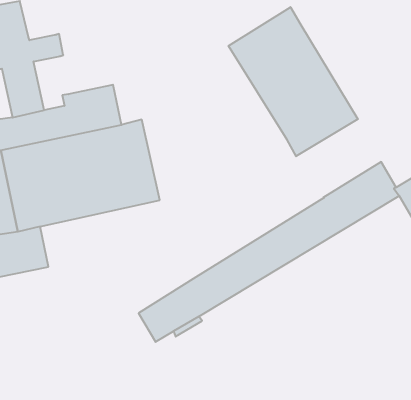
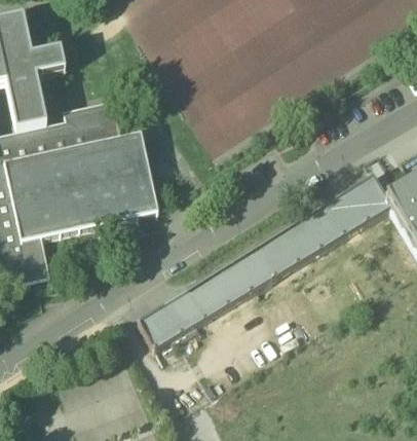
building: [229,7,358,156] -> none

